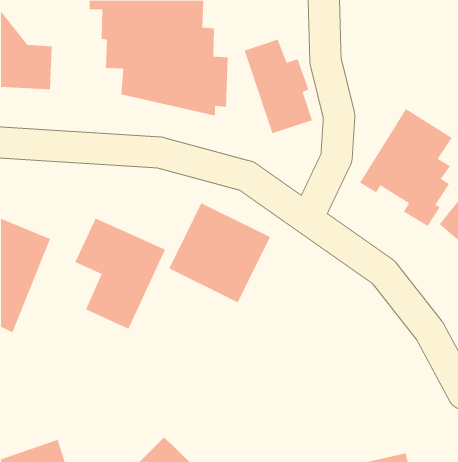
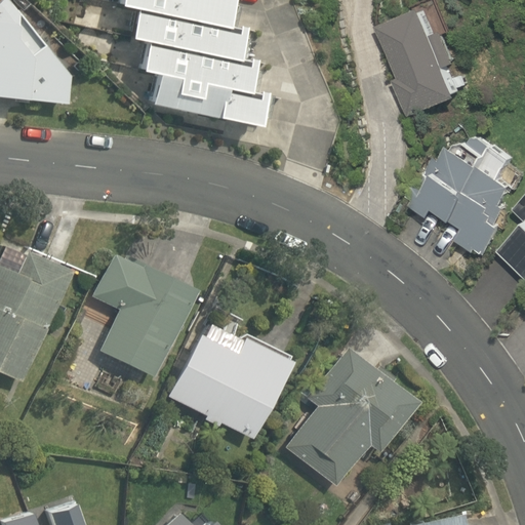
building: [244,39,313,134] -> [386,10,463,118]
building: [168,202,271,303] -> [170,322,286,436]
building: none -> [286,344,413,485]

